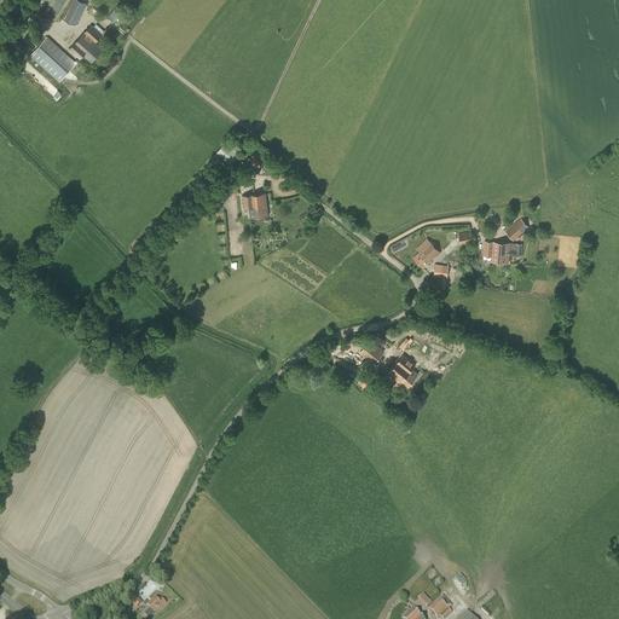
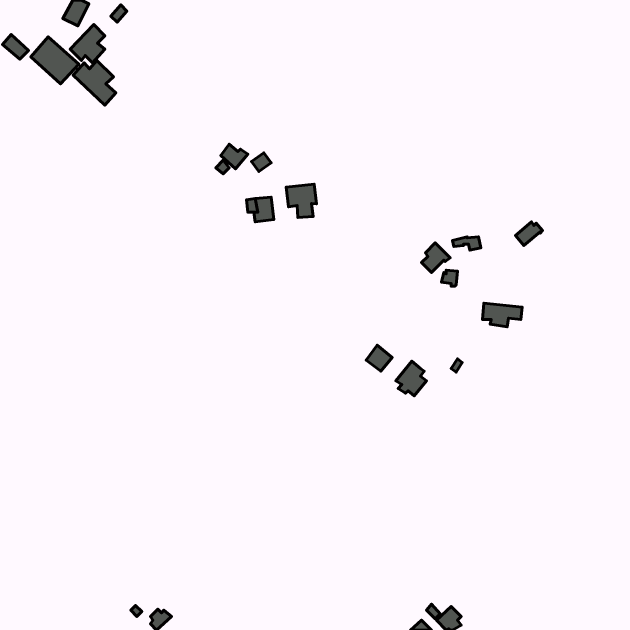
building: none -> [73,60,116,105]
building: none -> [286,184,317,218]
building: [484,241,522,264] -> [483,303,522,327]

